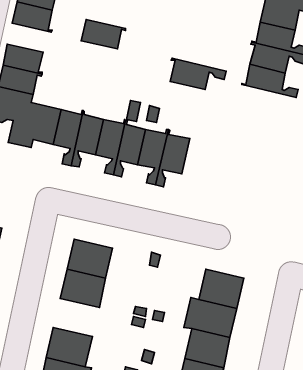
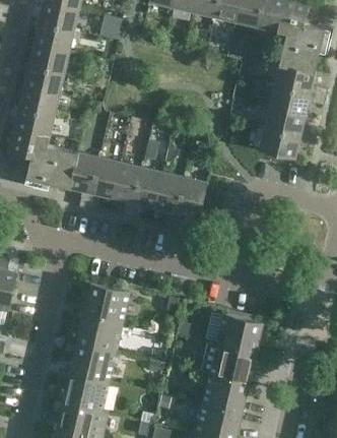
building: [81,20,125,49] -> [22,65,67,95]
building: [170,58,226,89] -> [258,127,315,159]
building: none -> [69,343,116,382]

